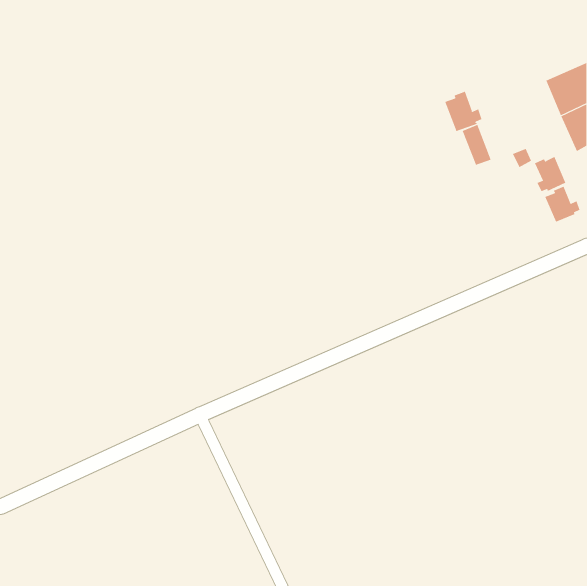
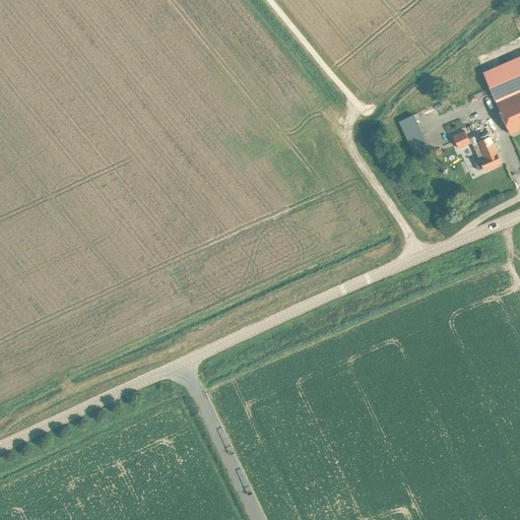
building: [444,91,482,132] -> none
building: [544,186,580,222] -> none

